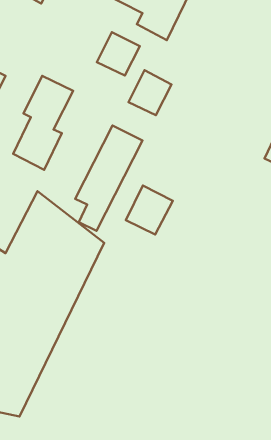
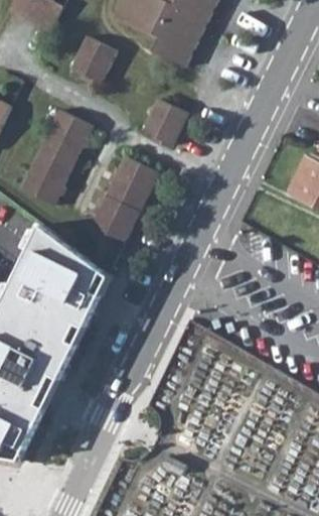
building: [97,32,140,75] -> [70,33,117,80]
building: [126,186,173,234] -> none

